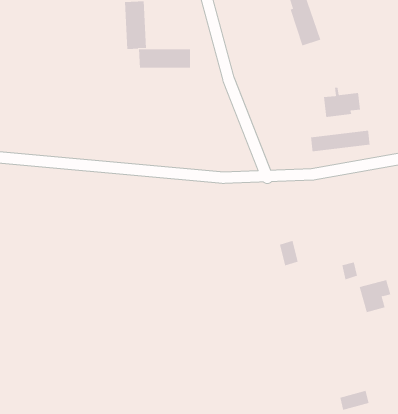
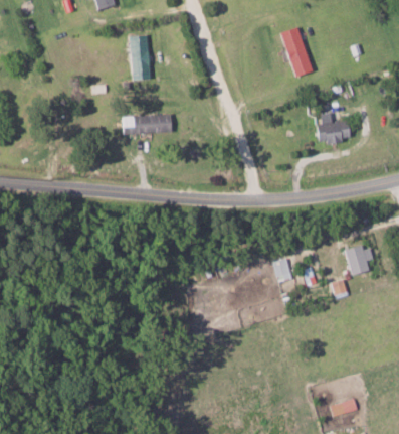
building: [138,49,191,68] -> [123,116,172,134]
building: [310,130,370,152] -> none
building: [359,279,391,313] -> [344,245,374,276]

